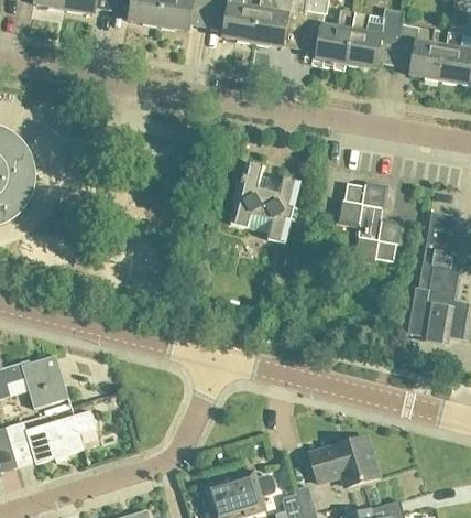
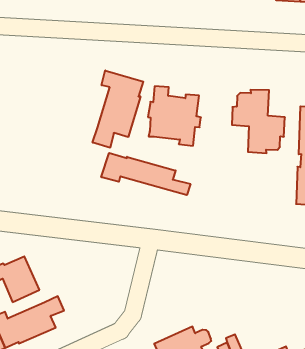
building: none -> [93,70,143,148]
building: none -> [101,153,190,195]
building: [308,435,377,486] -> none

